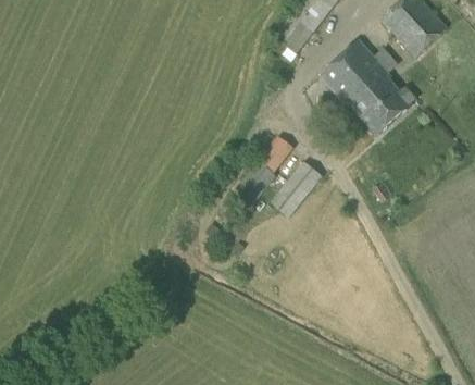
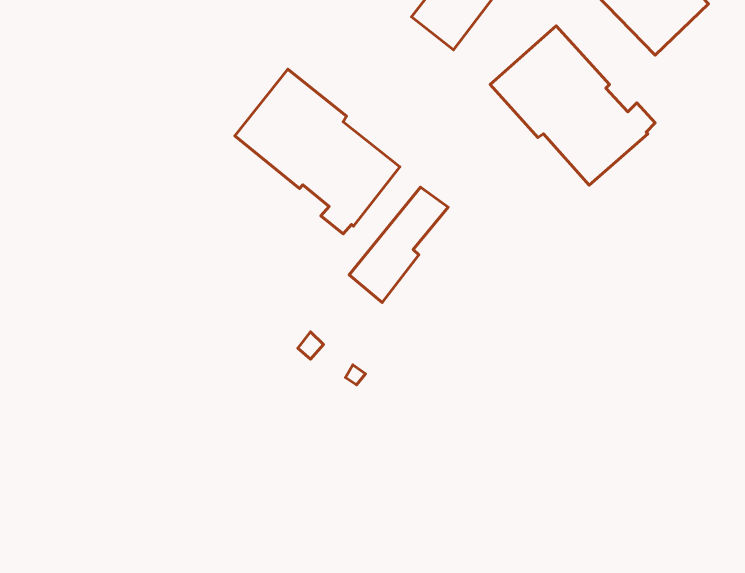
building: none -> [235,69,400,234]
building: [270,160,322,216] -> none

